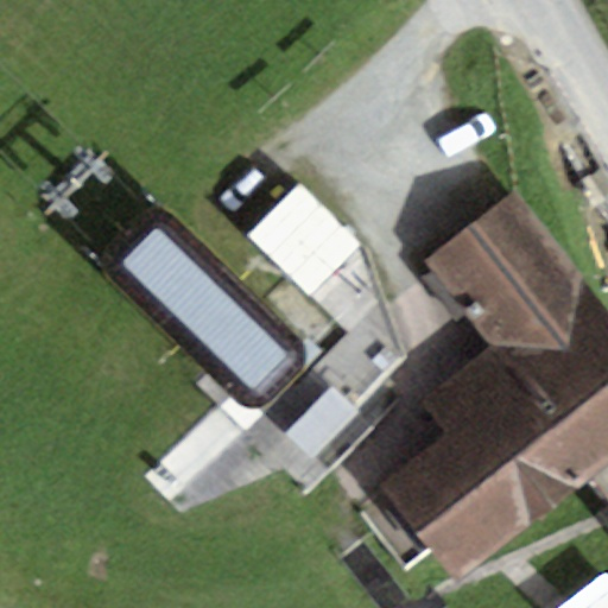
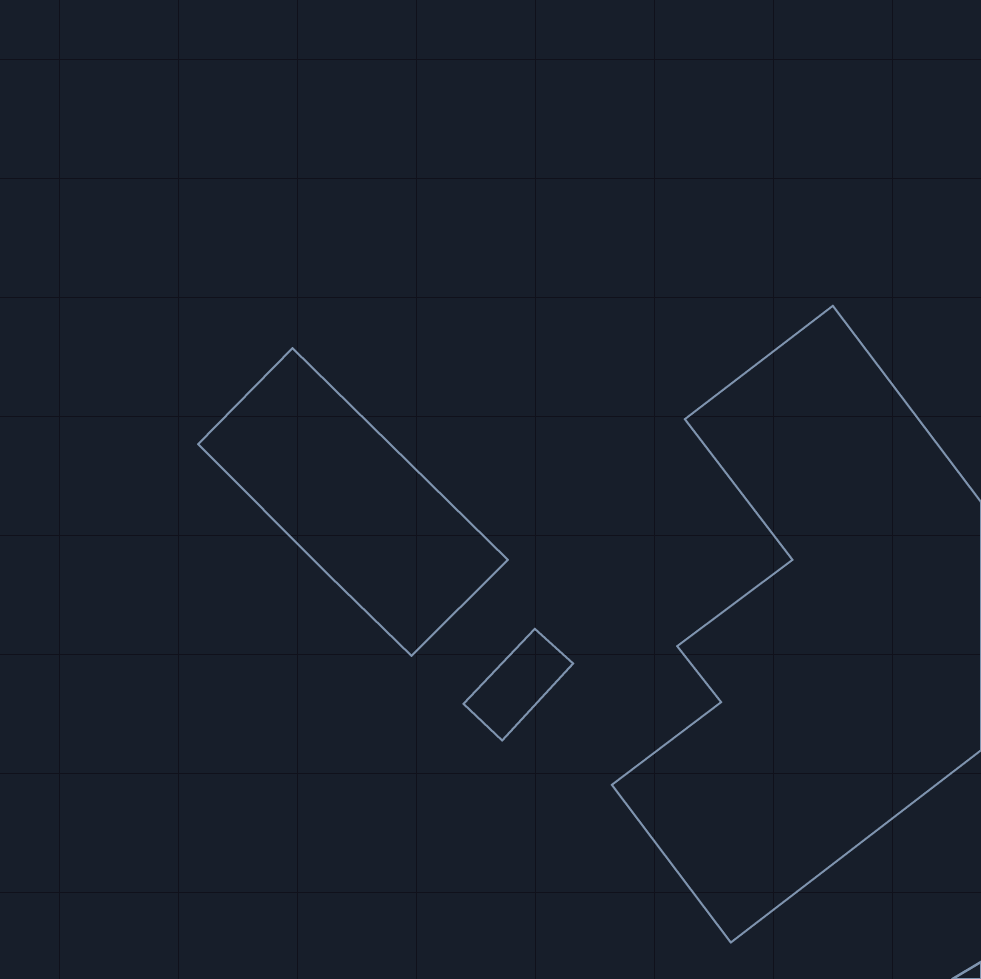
building: [245,182,359,296] -> none

